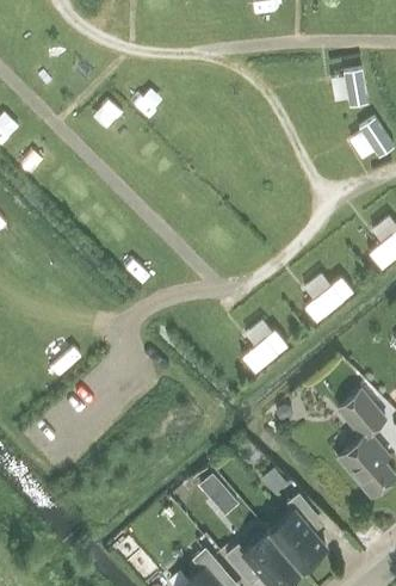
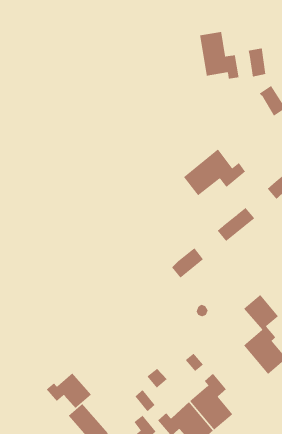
building: none -> [199,31,239,79]
building: none -> [183,148,246,196]
building: none -> [46,373,92,409]

